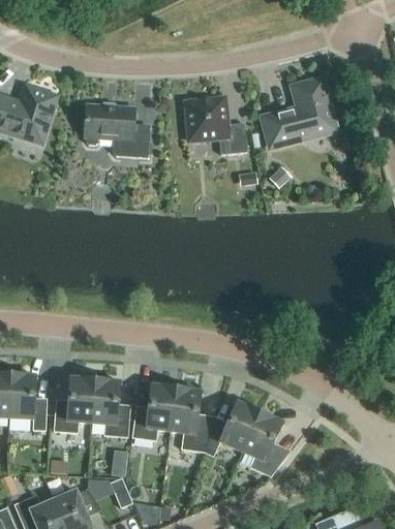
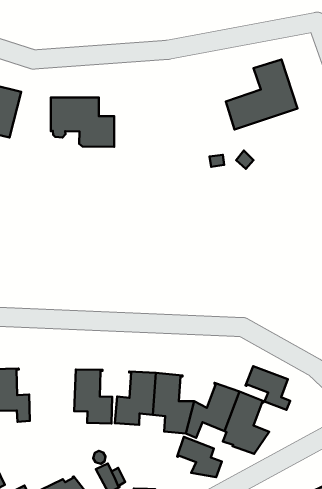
building: [184,98,247,154] -> none
building: [54,378,95,433] -> none
building: none -> [246,366,290,410]
building: none -> [177,437,222,477]

